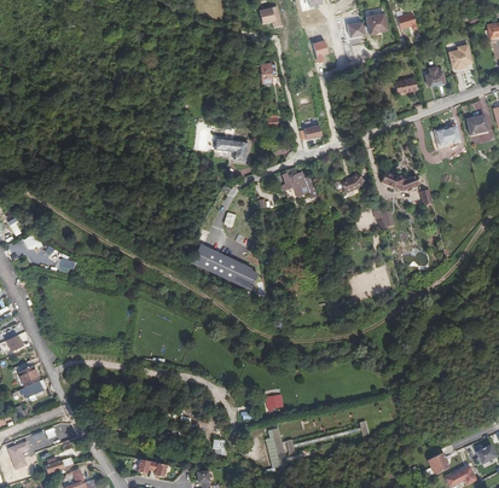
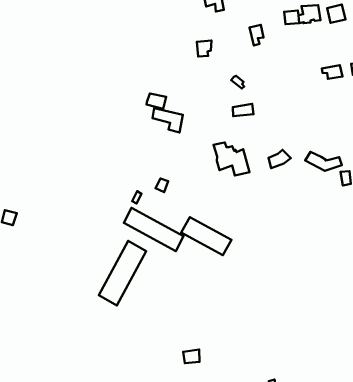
building: none -> [181,217,232,255]
building: none -> [99,241,146,305]

